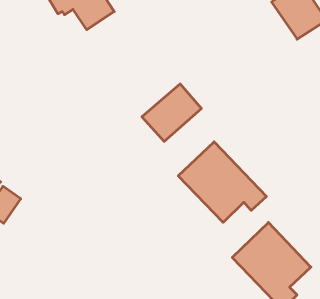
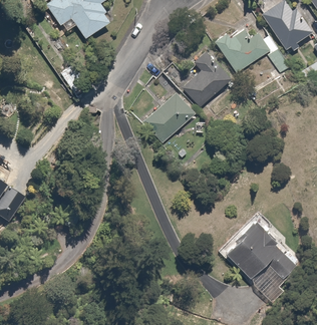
building: none -> [216,27,268,72]
building: none -> [183,49,234,107]
building: [178,142,266,222] -> none

